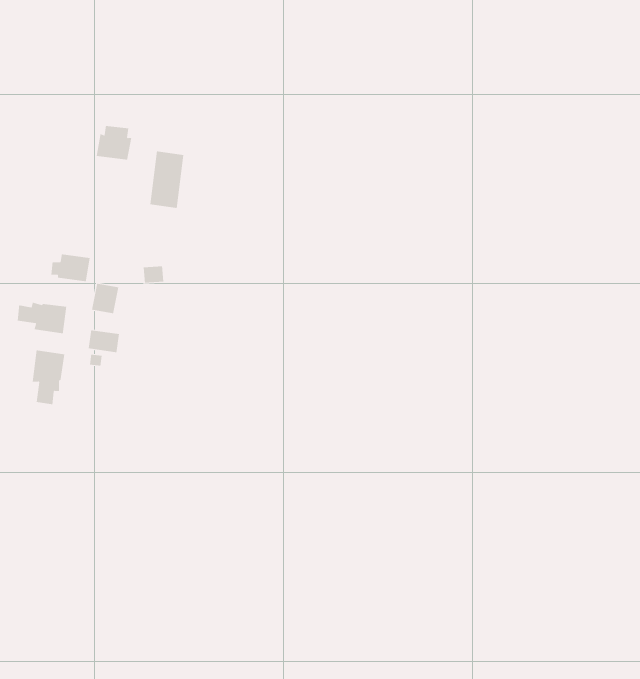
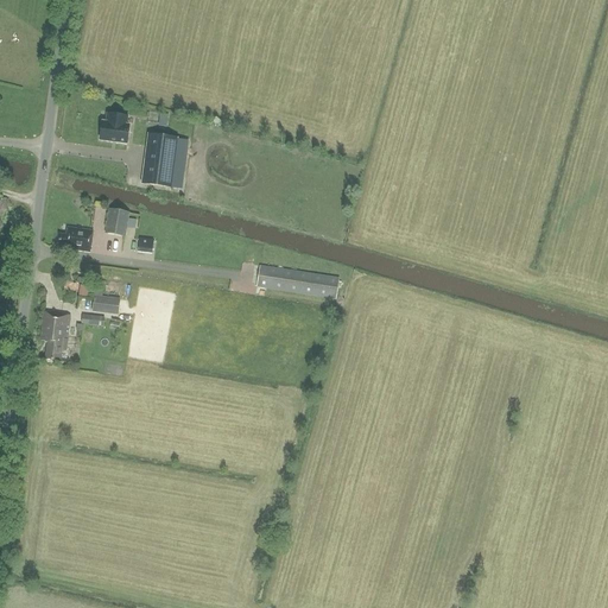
building: [91,283,119,314] -> [104,208,129,235]
building: none -> [256,264,340,298]
building: [17,302,67,334] -> none

